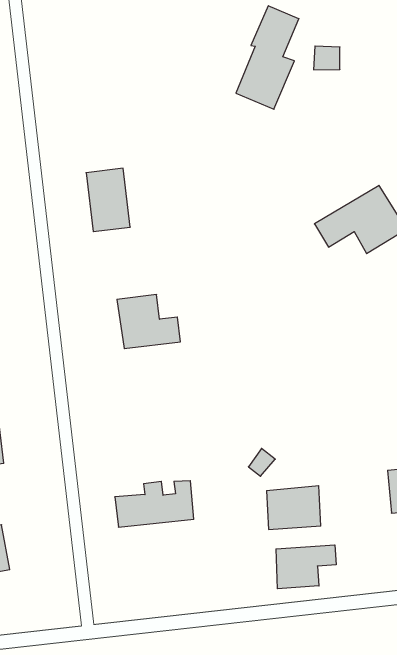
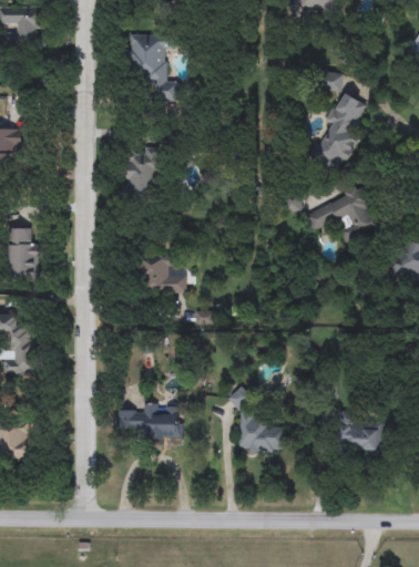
building: [236,6,299,109] -> [309,90,367,173]
building: none -> [130,33,178,100]
building: [276,545,336,589] -> none

